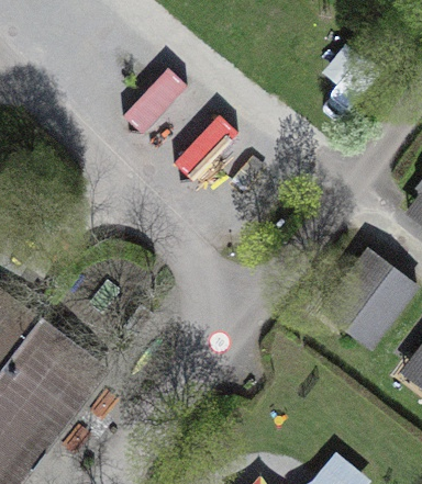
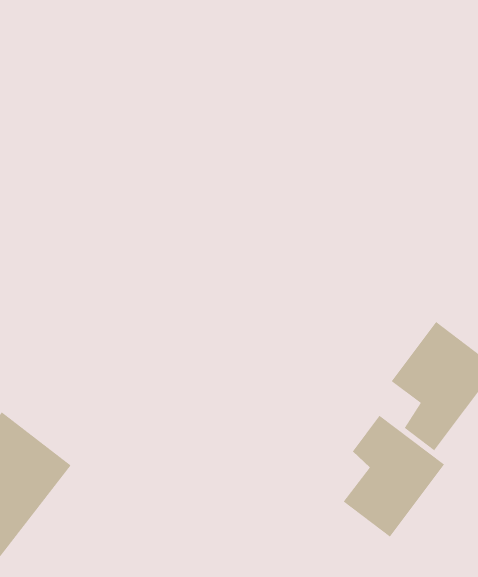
building: none -> [343,415,445,538]

